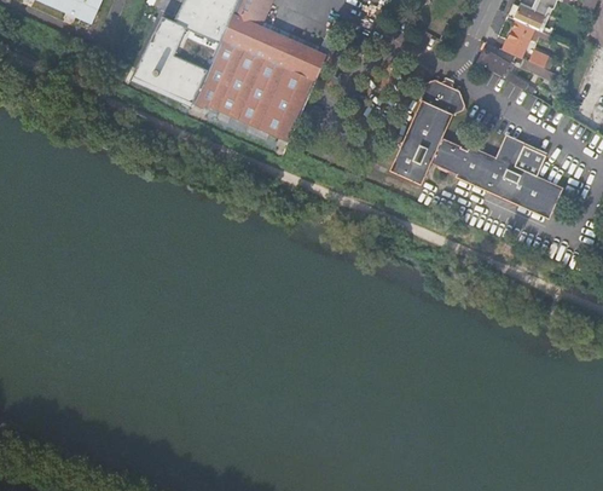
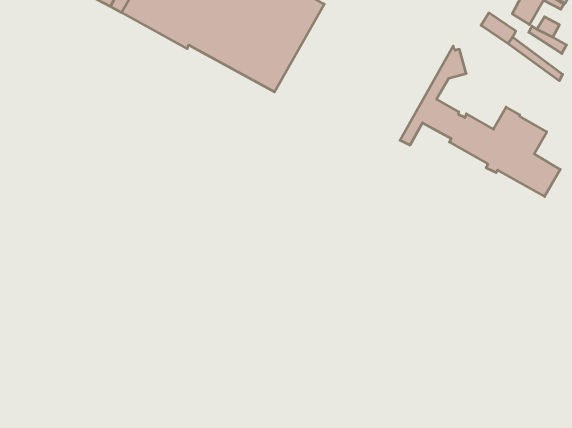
building: [390,79,451,177] -> none

